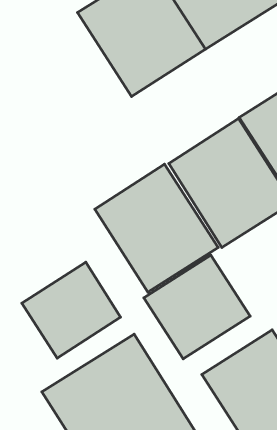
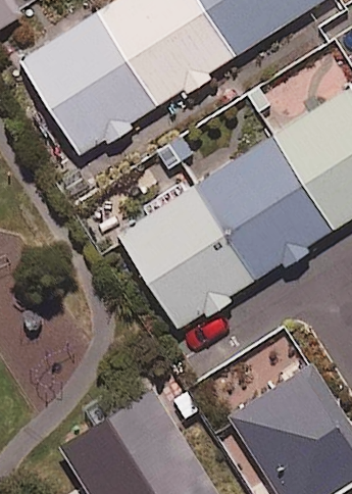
building: none -> [15,16,153,159]
building: [144,255,250,359] -> none
building: [22,262,120,358] -> none

